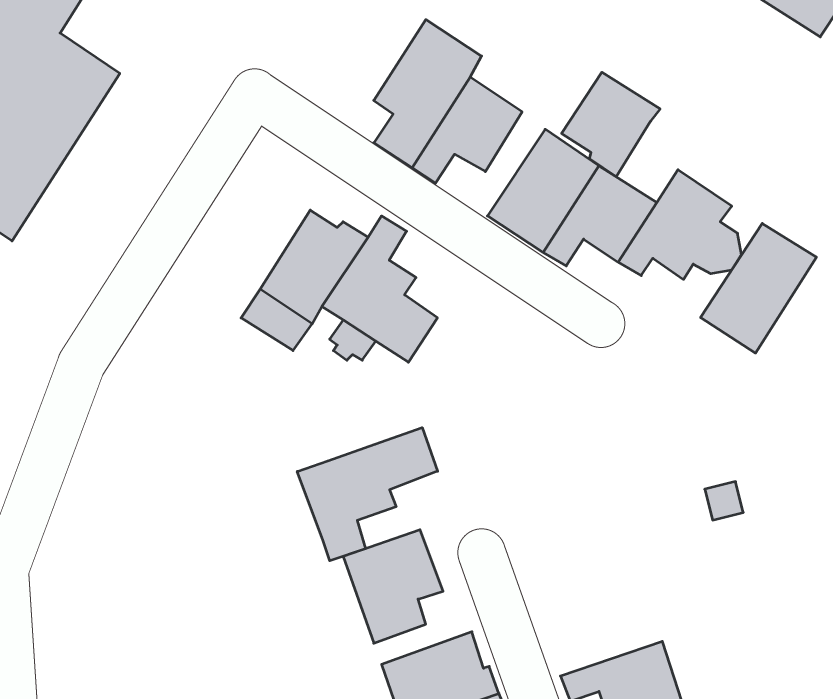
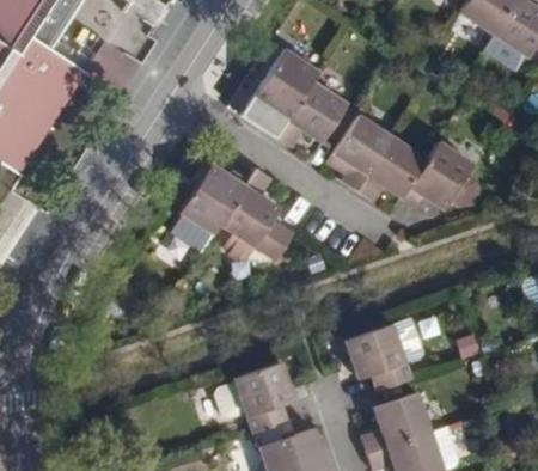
building: [562,72,660,177] -> none
building: [701,223,816,353] -> none
building: [297,428,438,561] -> none
building: none -> [344,325,410,390]
building: none -> [362,391,432,453]

